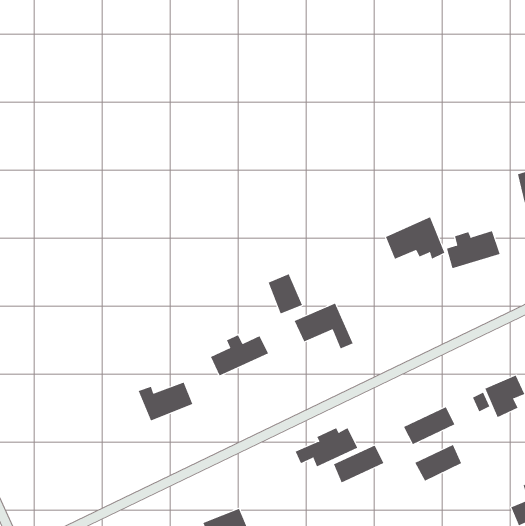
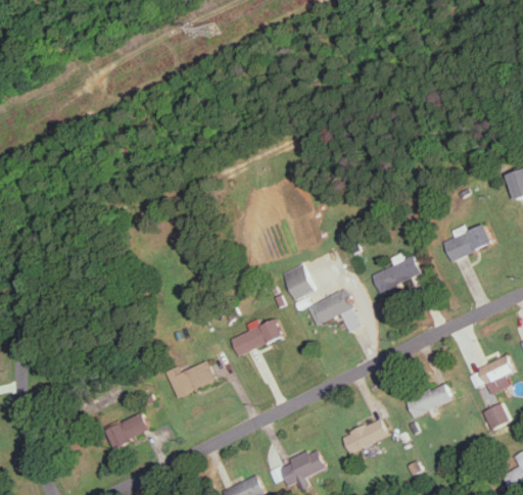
building: [385,217,445,260] -> [371,256,425,295]
building: [295,428,358,467] -> [268,450,325,486]
building: none -> [481,403,509,430]
building: none -> [105,415,147,450]
building: [415,444,462,482] -> none

